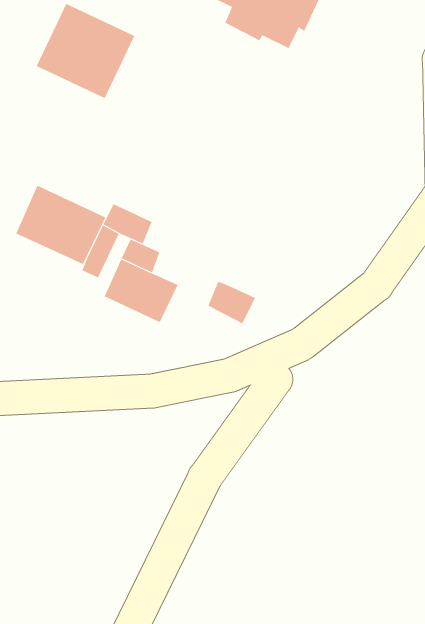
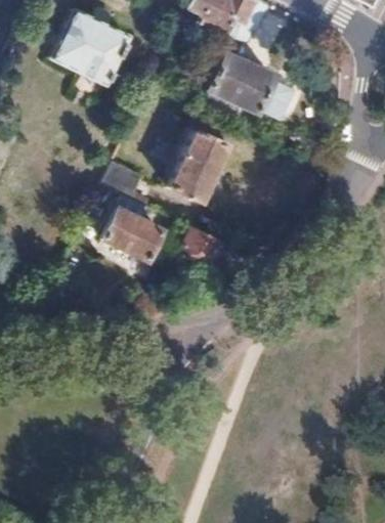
building: none -> [209,52,296,122]
building: none -> [170,130,227,203]
building: [16,185,106,265] -> none

